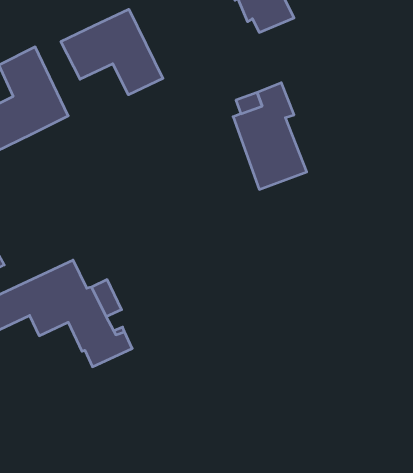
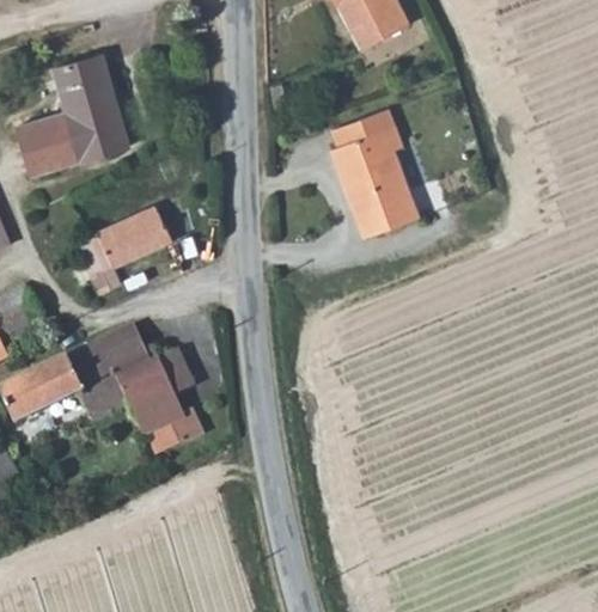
building: [61,9,163,95] -> none
building: none -> [73,202,172,293]

